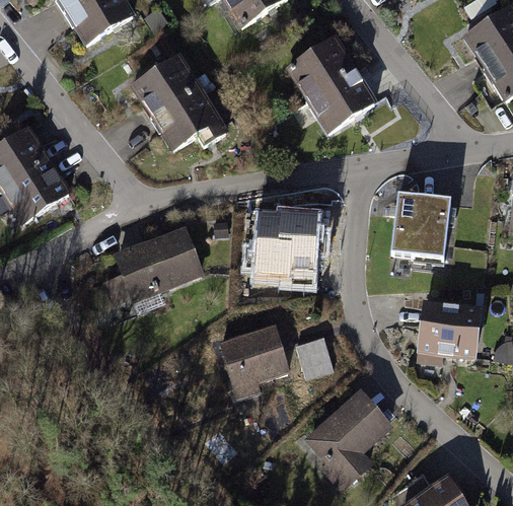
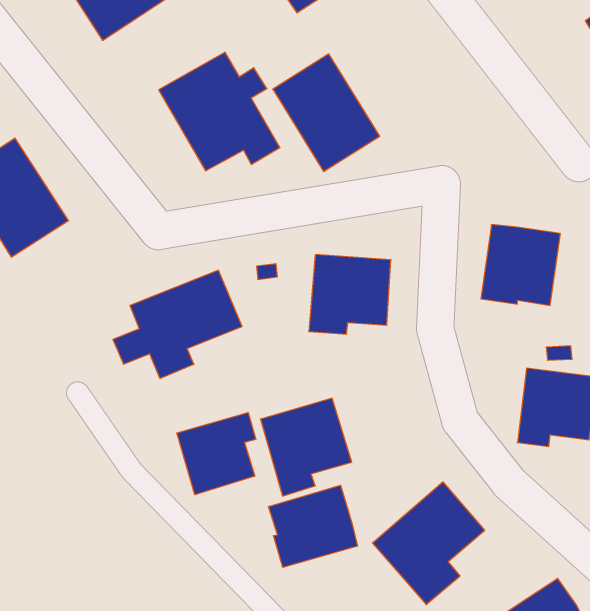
building: [289,39,372,130] -> [273,54,380,171]
building: [292,336,337,381] -> none
building: none -> [177,412,256,495]
building: none -> [269,485,358,568]

